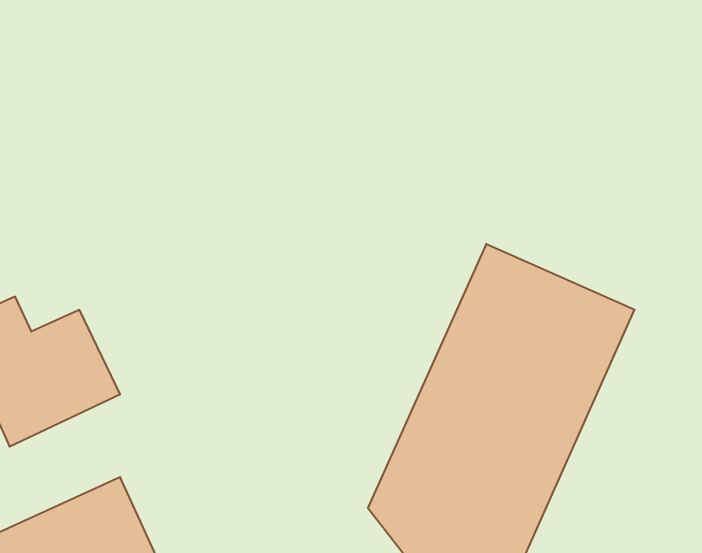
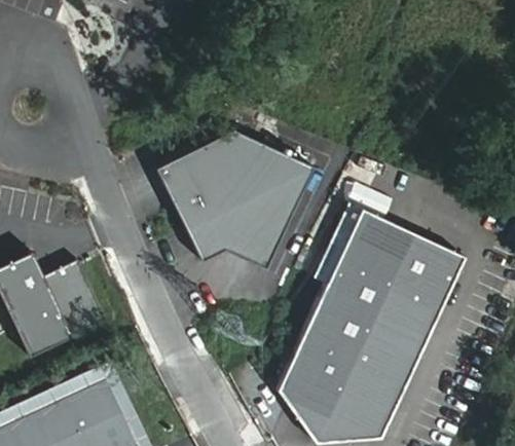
building: none -> [151,125,309,266]

